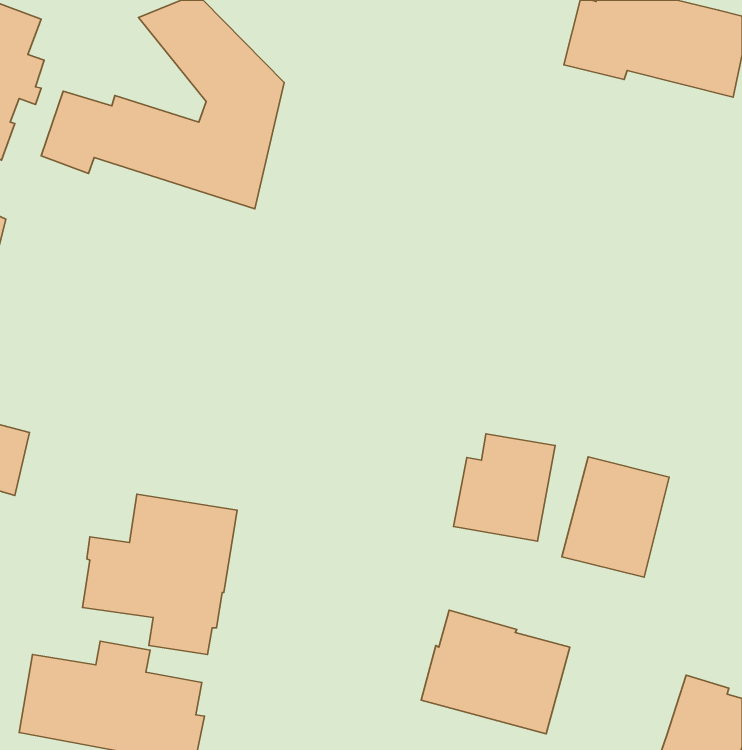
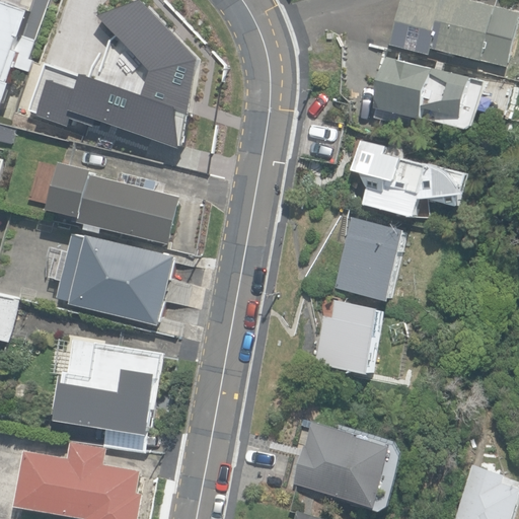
building: none -> [364,50,481,132]
building: none -> [346,140,463,215]
building: none -> [41,159,177,244]
building: none -> [59,234,175,325]
building: [562,457,669,577] -> [331,218,405,301]

